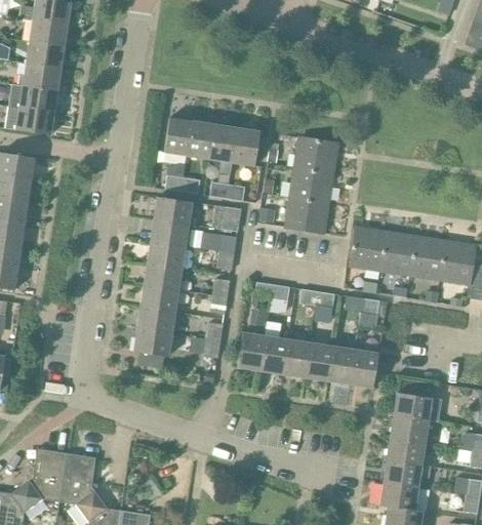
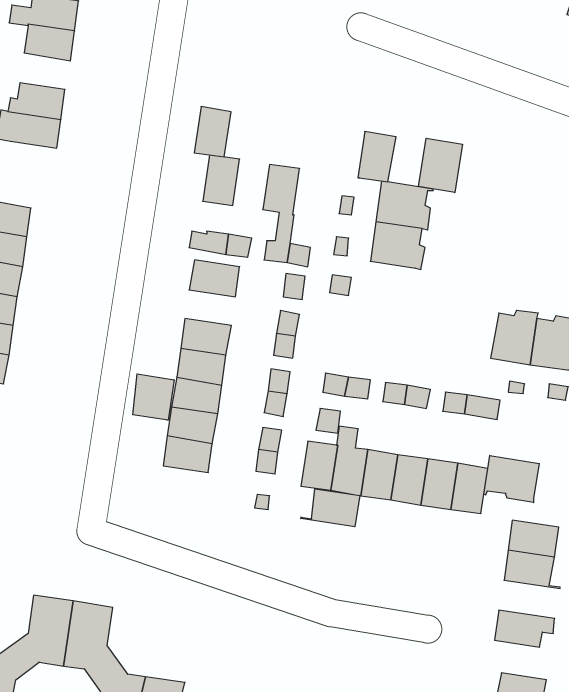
building: [27,40,65,68] -> none
building: none -> [419,138,462,193]
building: [16,107,54,134] -> none
building: [187,120,214,158] -> [194,107,231,157]
building: [232,127,260,165] -> [358,131,396,182]
building: [285,197,326,233] -> none
building: [151,218,189,245] -> none
building: [350,227,387,270] -> none
building: none -> [133,374,174,420]
building: none -> [484,455,539,503]
building: none -> [301,489,360,527]
building: [387,437,433,466] -> none
building: [380,482,423,512] -> none

